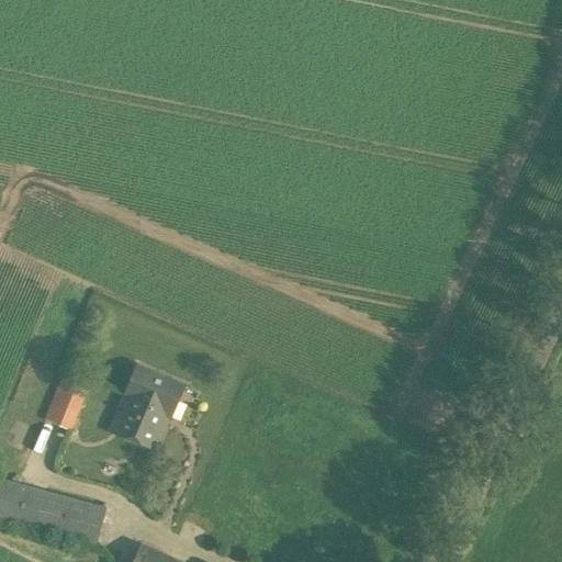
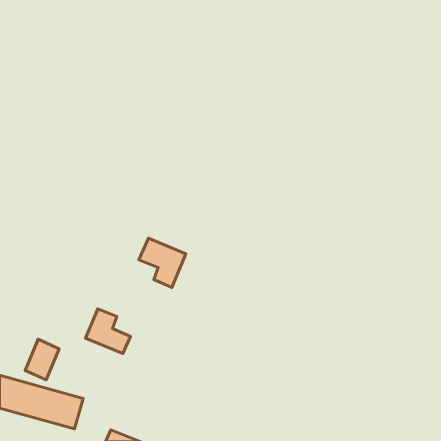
building: [124,366,183,428] -> [139,238,186,287]
building: [43,380,86,431] -> [25,339,59,380]

